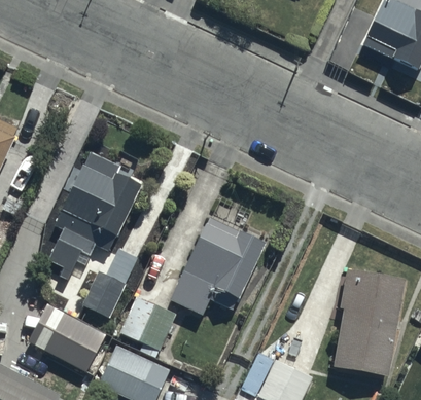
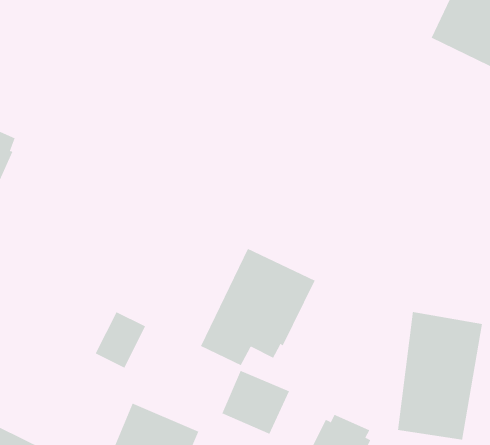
building: [44,161,140,283] -> none
building: [118,296,175,350] -> [222,370,290,434]
building: [49,314,112,374] -> none

